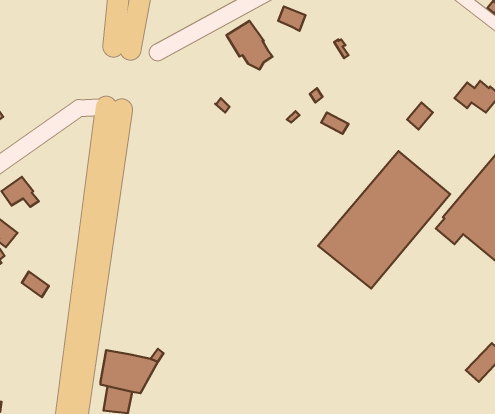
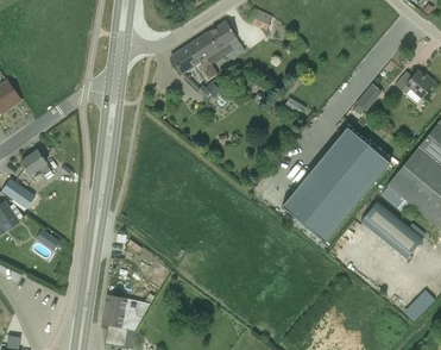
building: none -> [171,32,225,82]
building: none -> [361,201,423,258]

